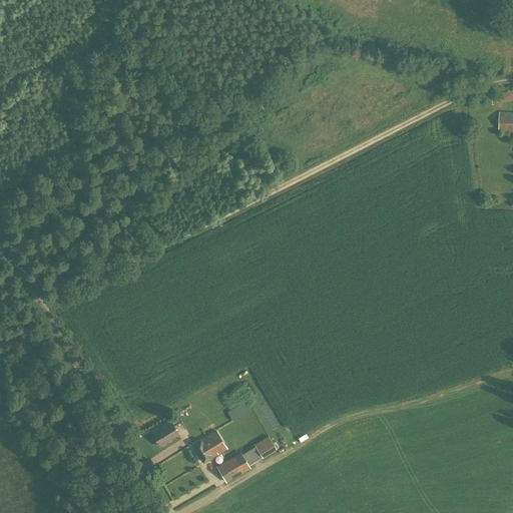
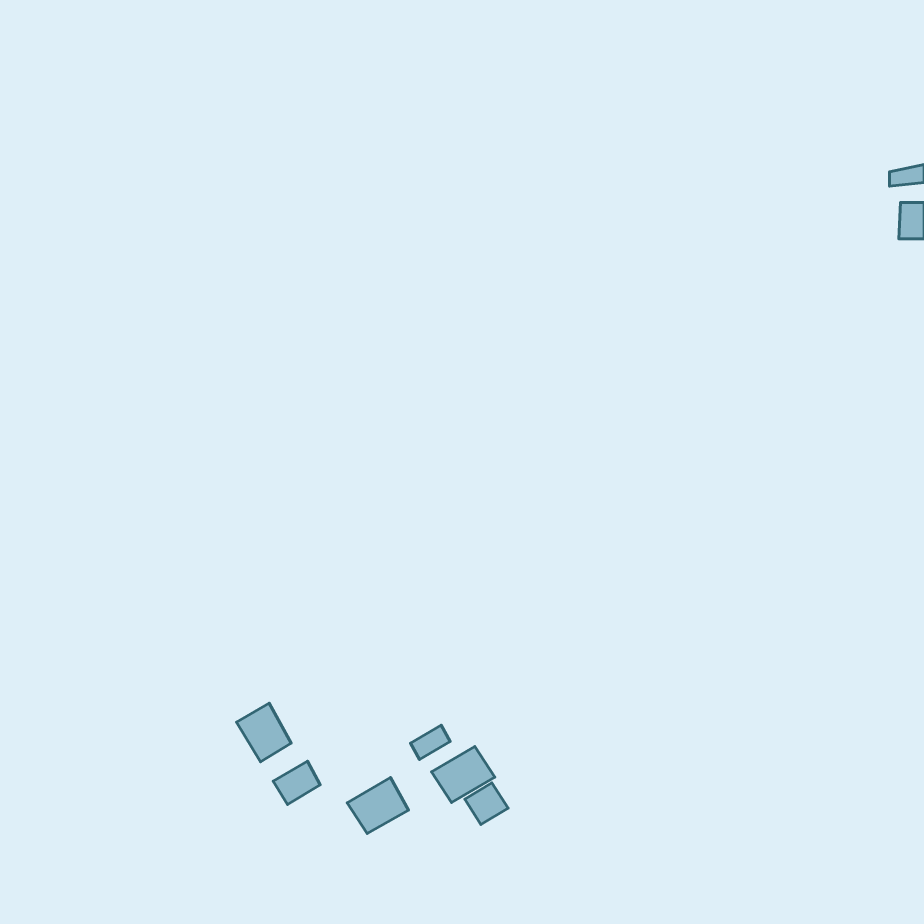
building: none -> [237,703,291,762]
building: [215,452,250,483] -> [432,747,495,803]

